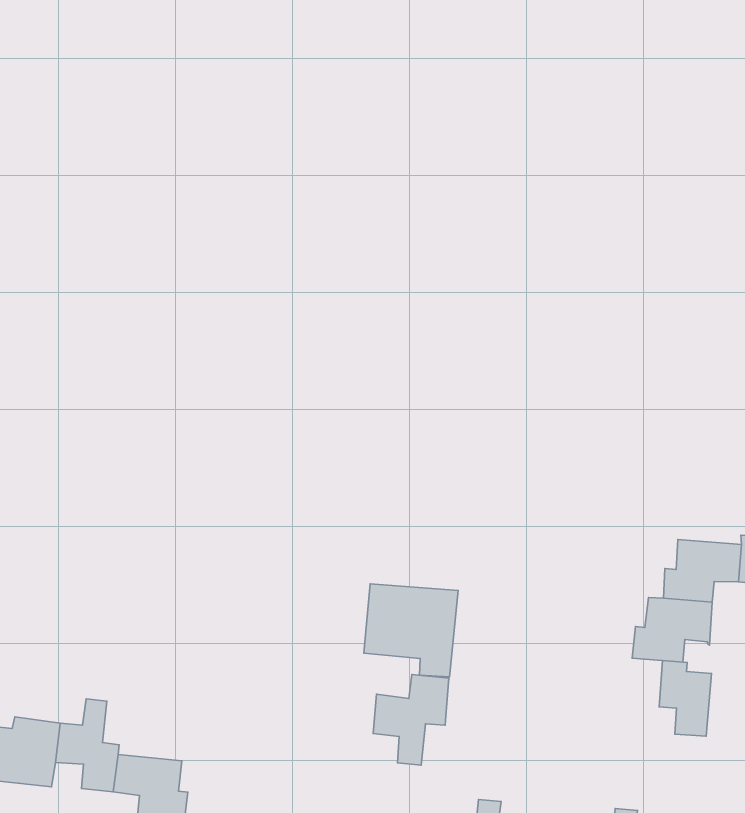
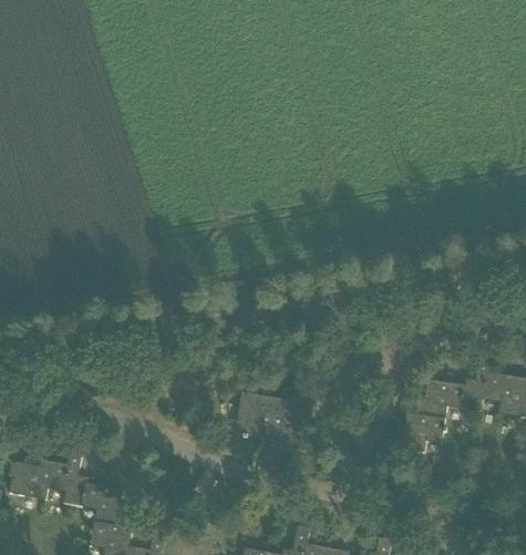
building: [659,661,711,736] -> none
building: [373,674,449,765] -> none

